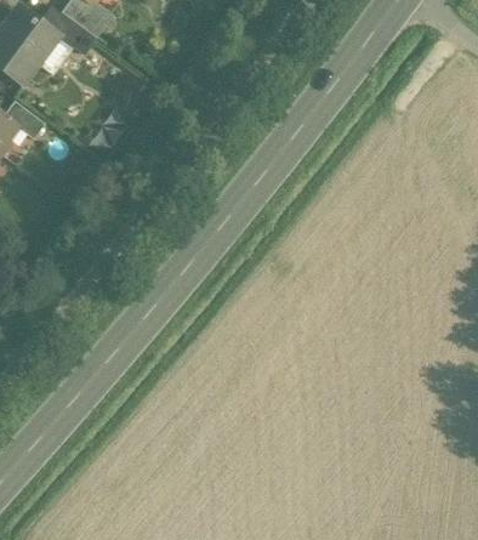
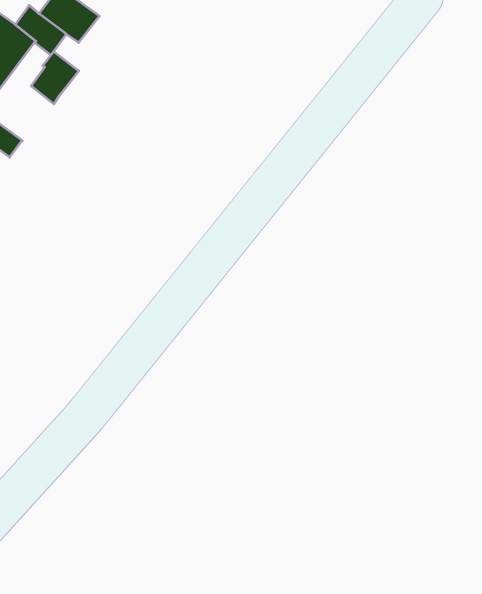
building: none -> [31,52,79,104]

